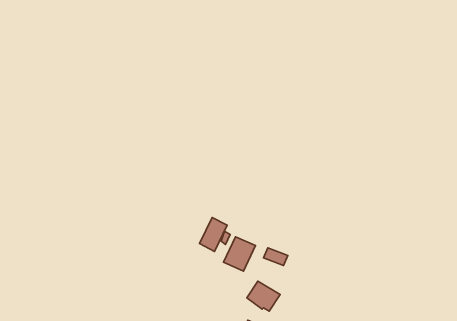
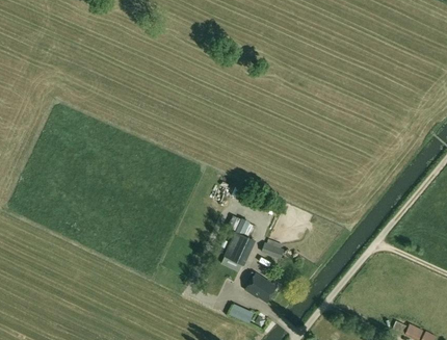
building: [200,217,227,252] -> none

